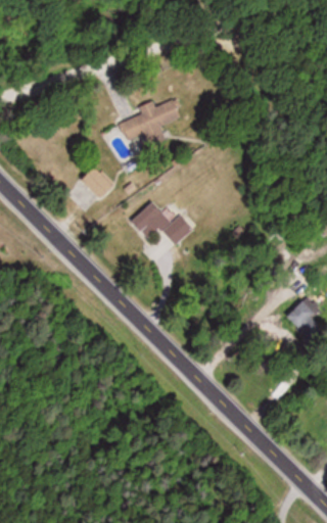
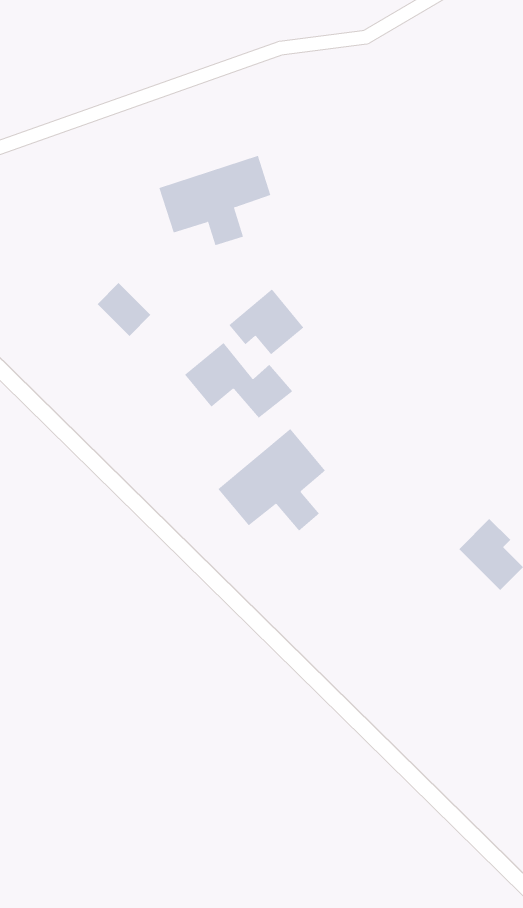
building: none -> [228,289,304,355]
building: none -> [217,428,326,532]

